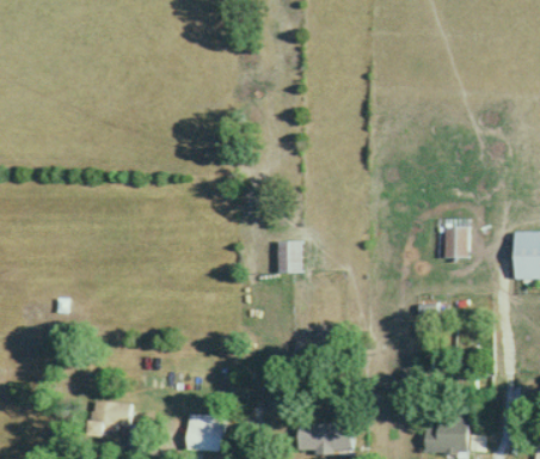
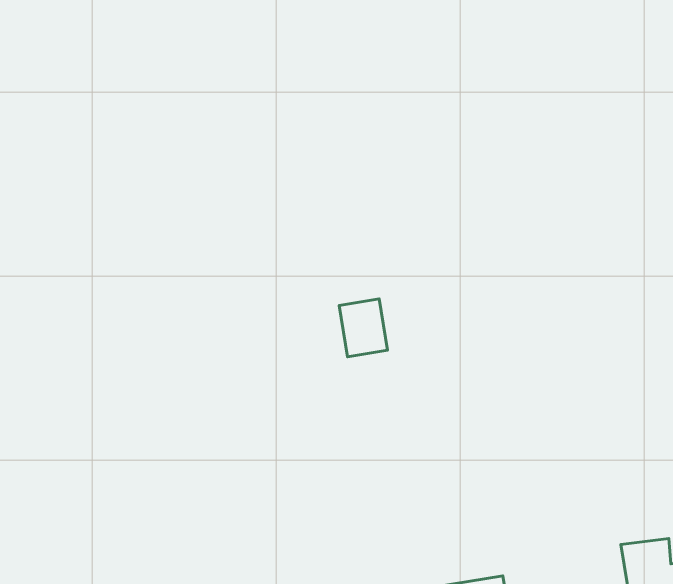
building: [444,226,468,258] -> none

